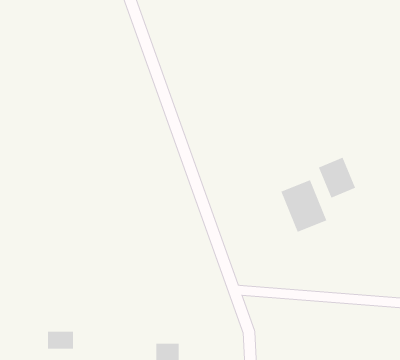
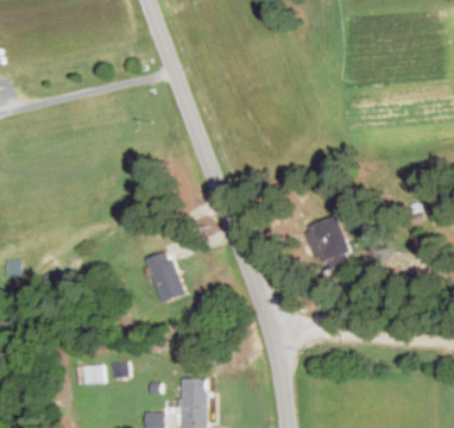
building: [318,157,356,198] -> none
building: none -> [146,251,183,303]

